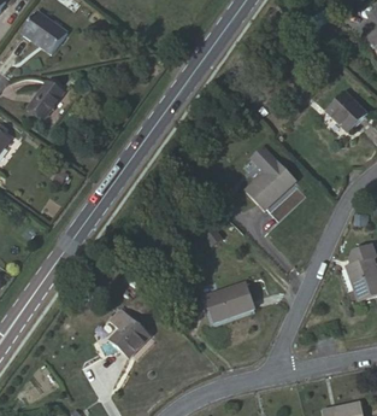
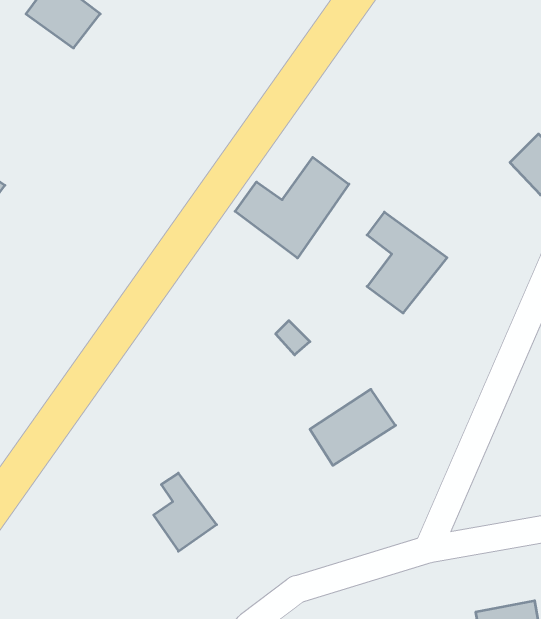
building: [33,77,69,117] -> none
building: none -> [235,157,349,258]

